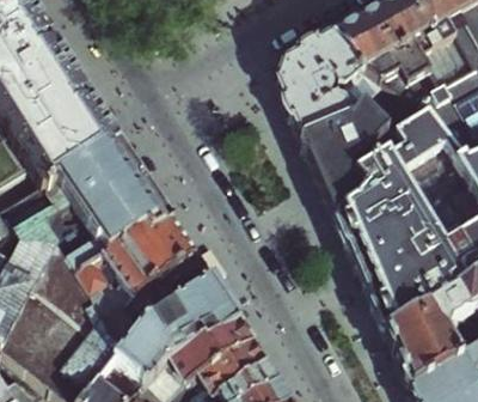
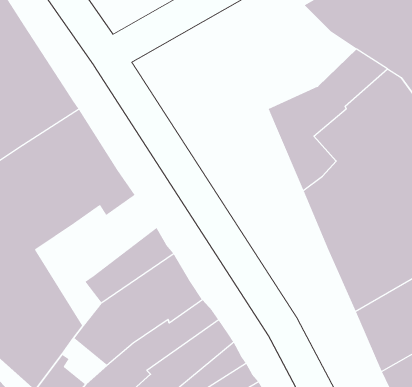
building: [280,35,385,134] -> none
building: [78,217,194,342] -> none

